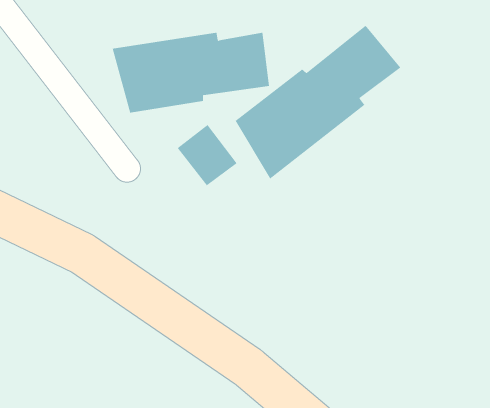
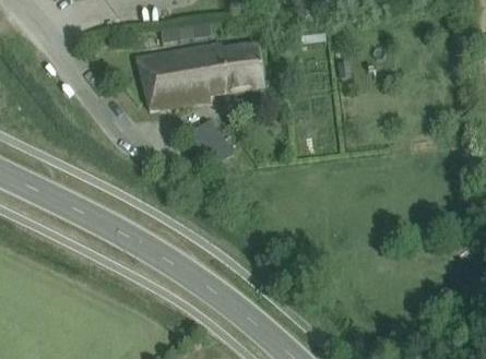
building: [235,25,401,180] -> none

